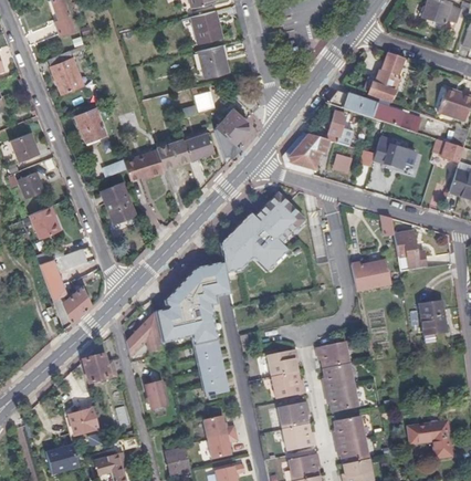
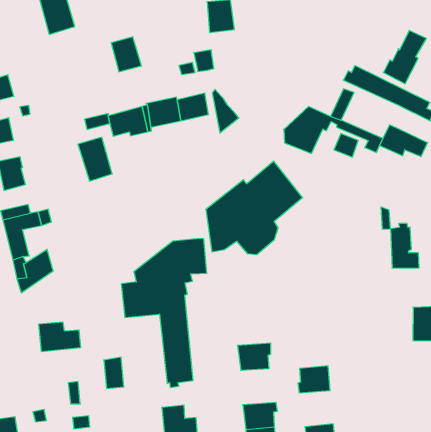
building: [76,107,106,140] -> [111,37,142,72]
building: [219,108,249,144] -> none
building: [349,255,388,284] -> none
building: [126,312,161,355] -> none
building: [316,342,349,369] -> none
building: [271,373,304,399] -> none
building: [326,386,358,414] -> none
building: [67,409,95,437] -> none

